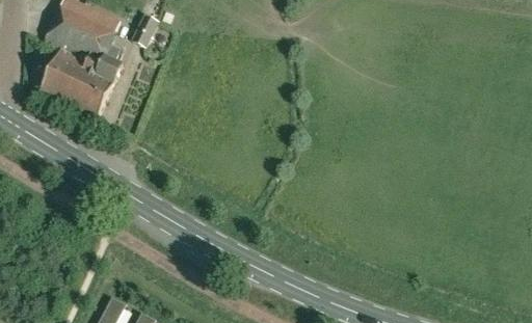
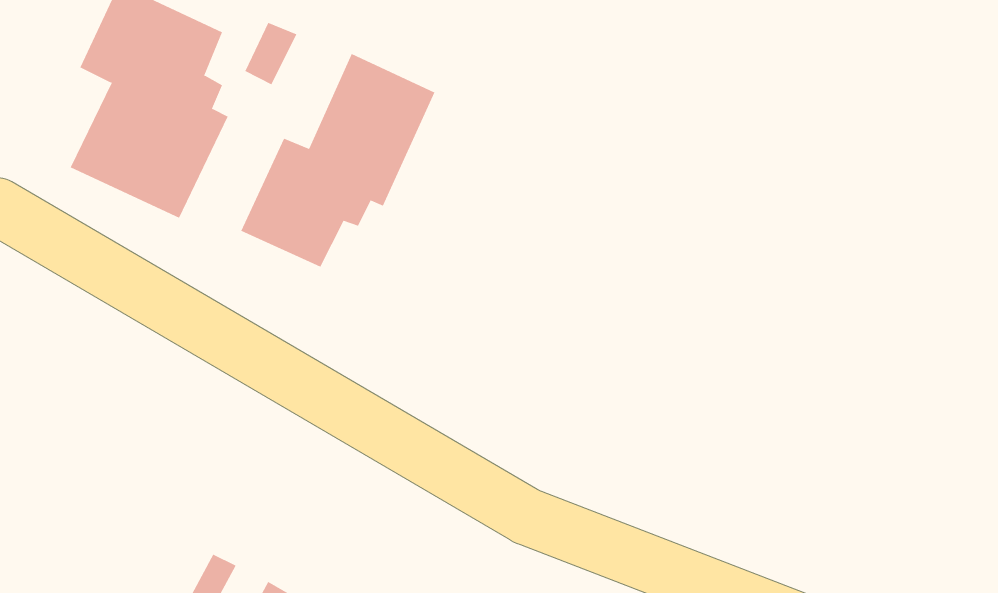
building: none -> [240,53,435,268]

